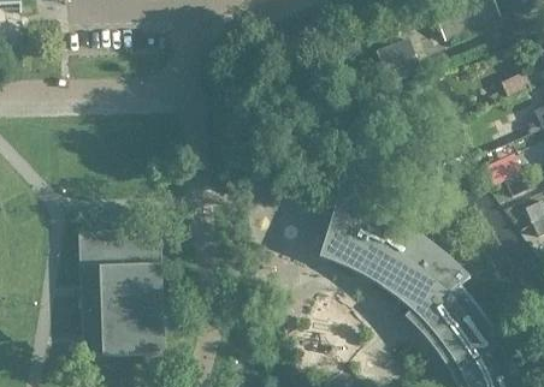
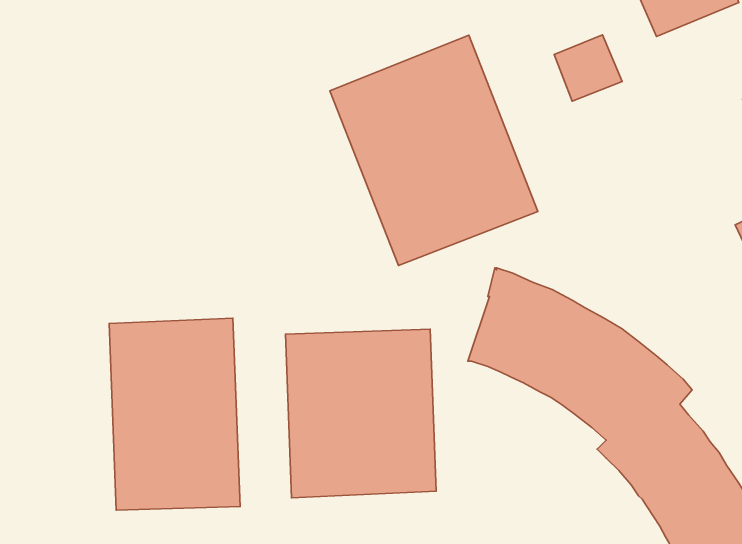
building: none -> [330,35,538,266]
building: none -> [285,329,436,498]

